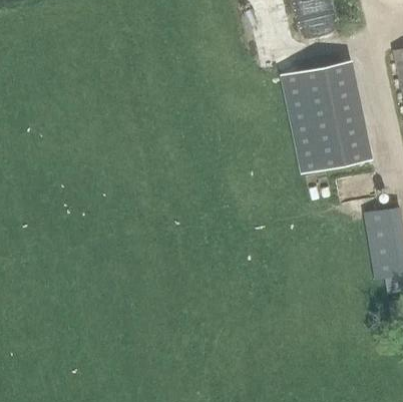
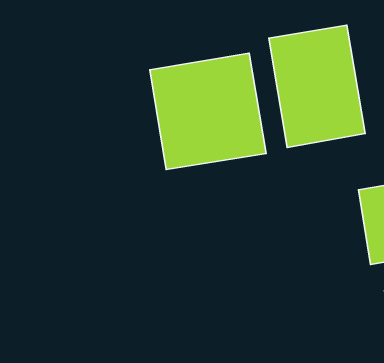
building: none -> [150,53,266,169]

